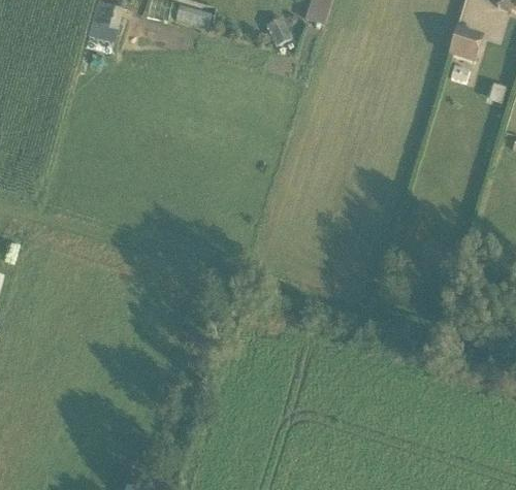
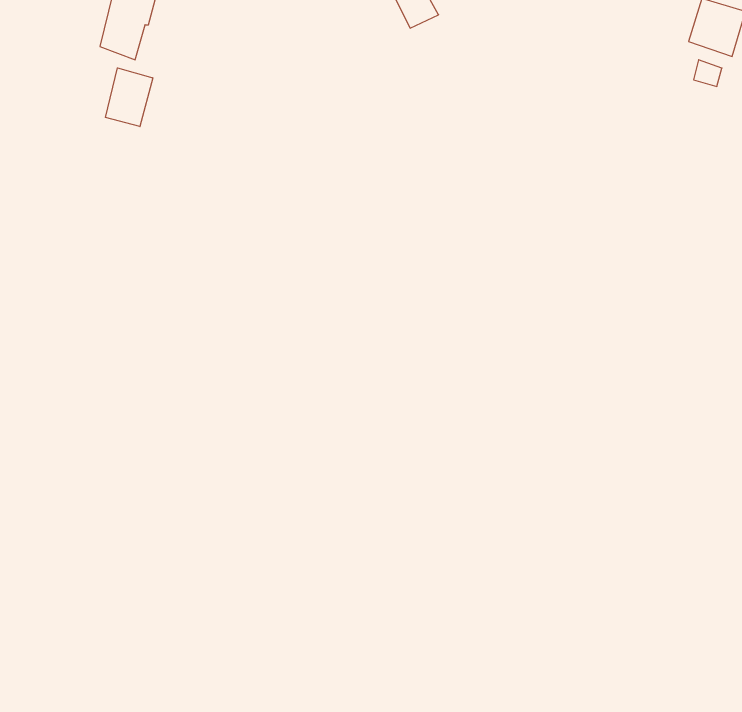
building: none -> [106,68,153,127]

